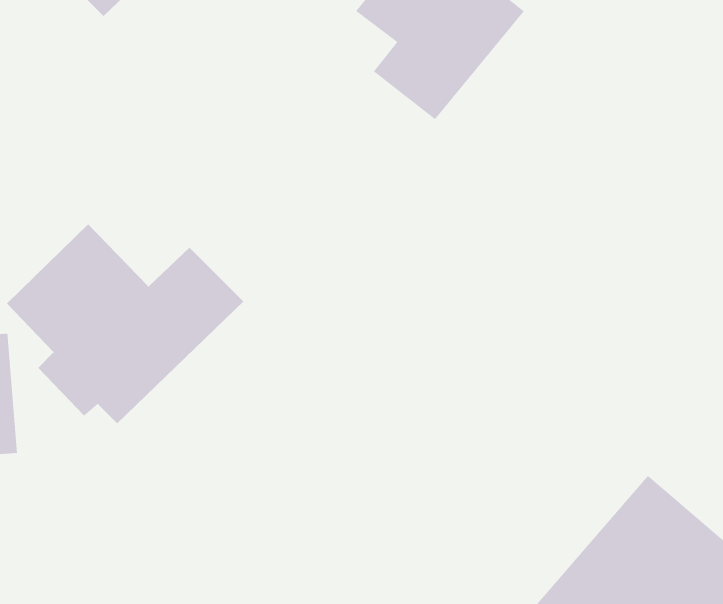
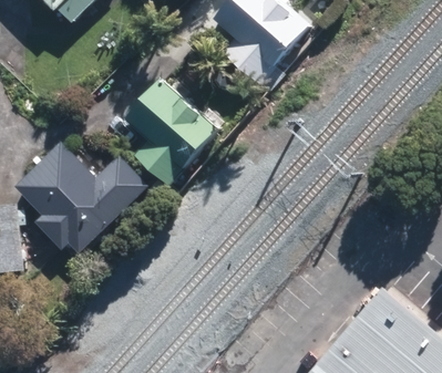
building: none -> [120,66,223,185]

